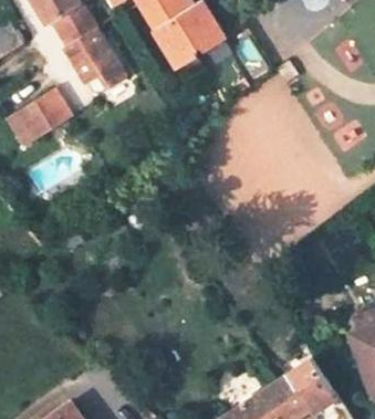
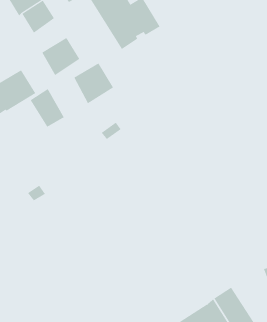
building: [65,27,108,69] -> none
building: none -> [74,62,114,104]
building: none -> [30,88,64,128]

